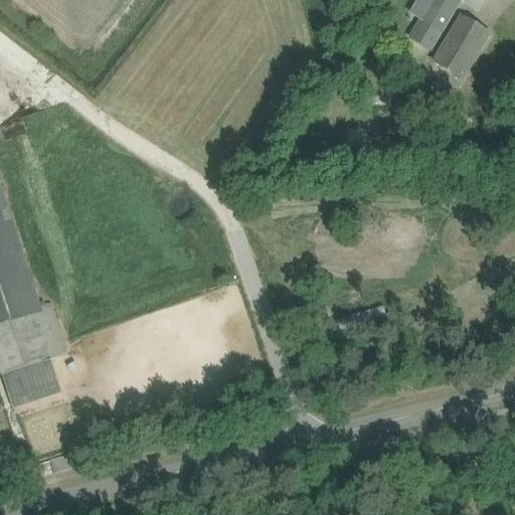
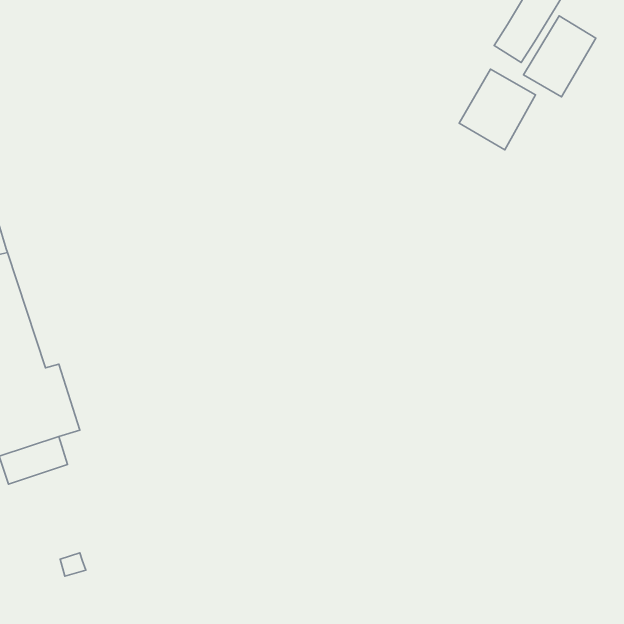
building: none -> [459,69,536,150]

